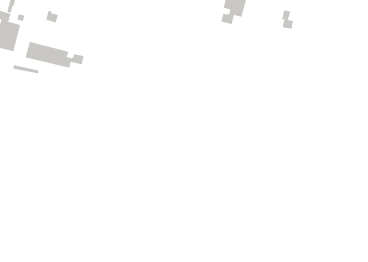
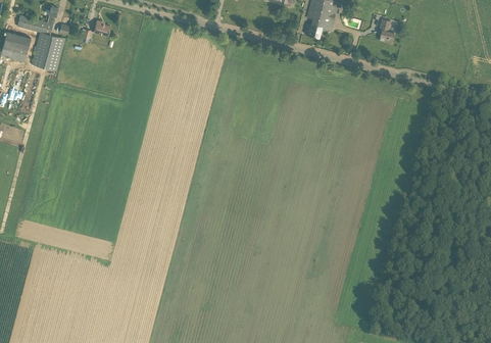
building: [25,41,84,68] -> none

